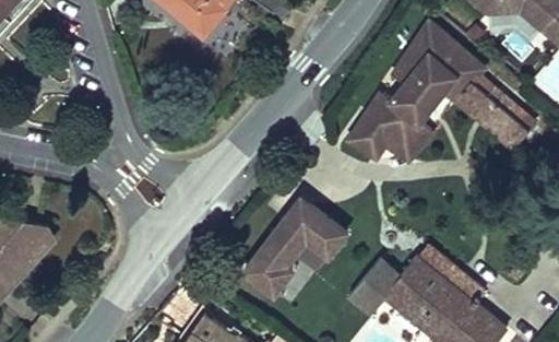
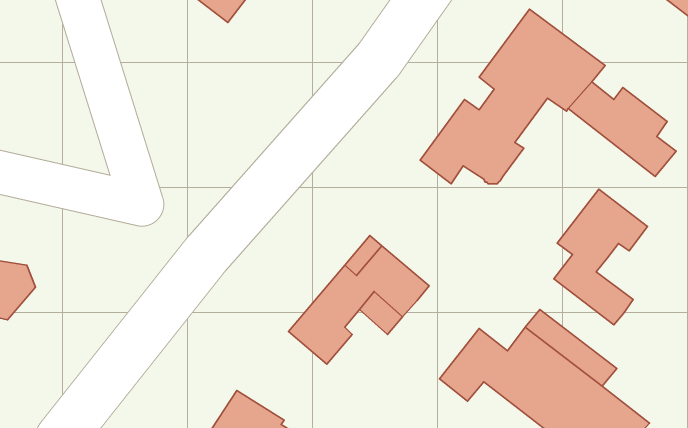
building: none -> [554,189,648,325]

